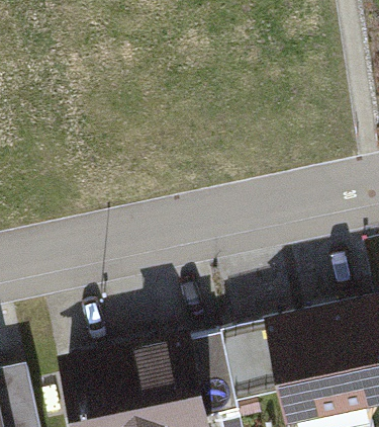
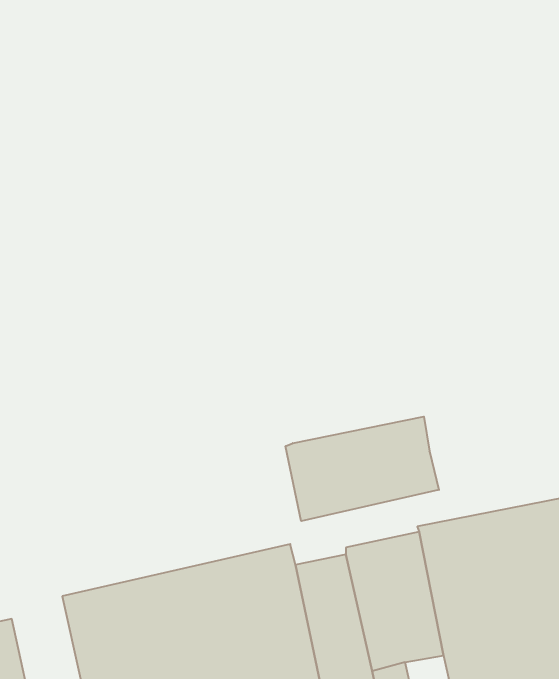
building: none -> [286,417,439,521]

